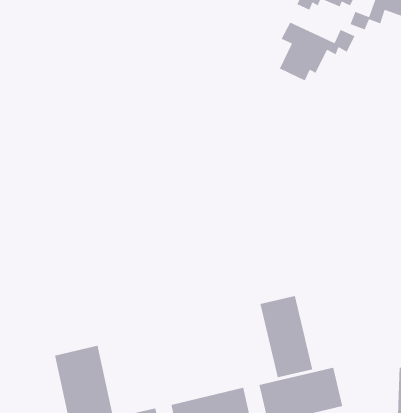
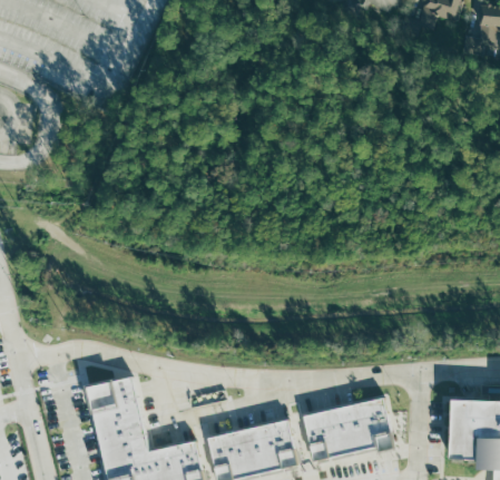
building: [279,22,355,81] -> none
building: [259,295,313,378] -> none

